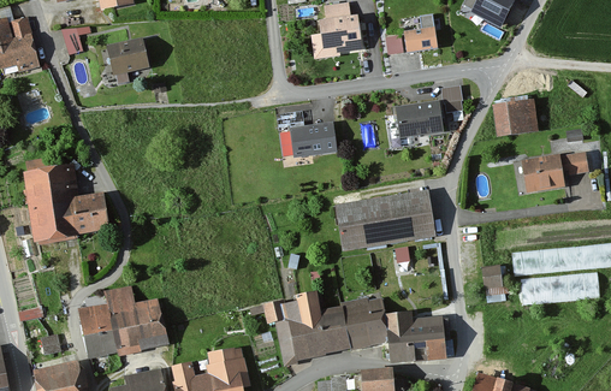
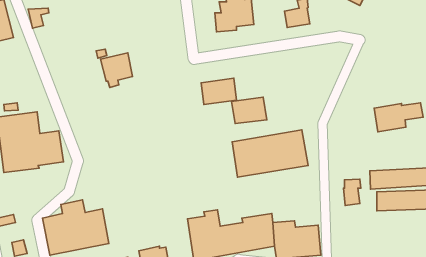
building: [103,38,146,84] -> [101,53,132,87]
building: [491,100,534,136] -> none
building: [393,102,440,137] -> [231,97,267,123]

